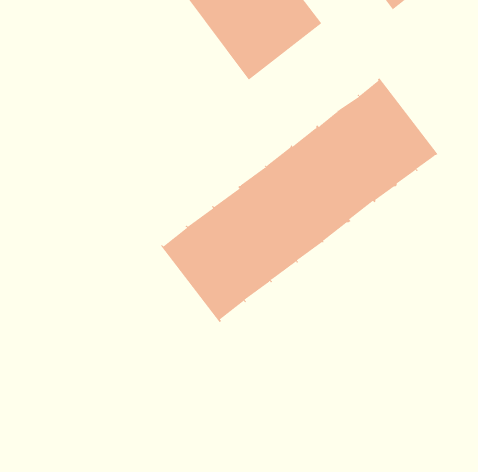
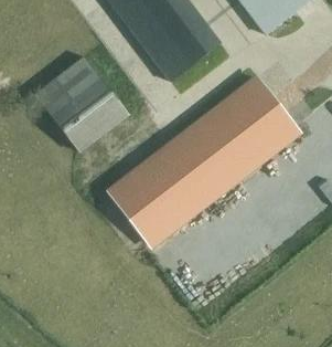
building: none -> [35,56,128,150]

